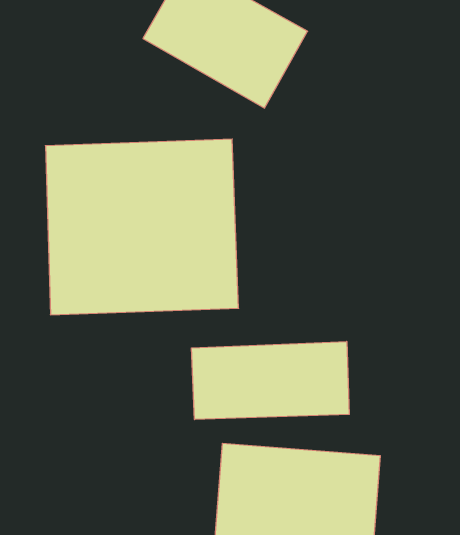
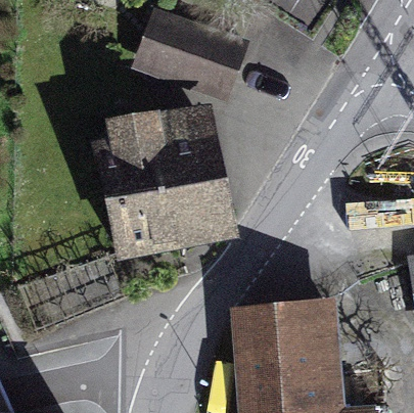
building: [192,341,349,420] -> none

